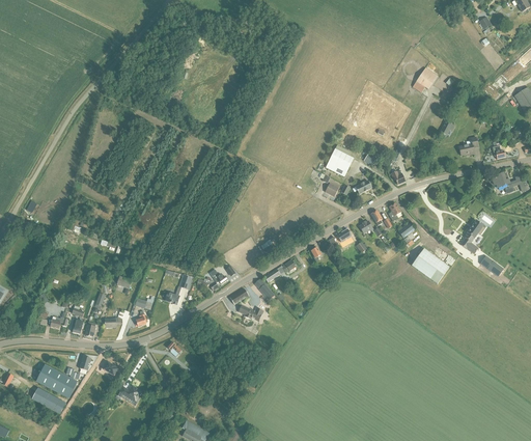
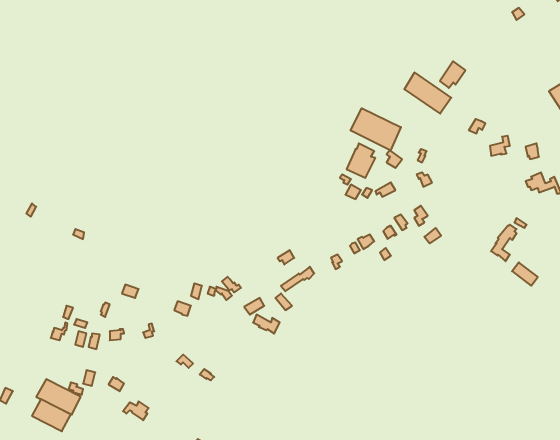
building: none -> [404,72,451,114]
building: none -> [351,108,401,150]
building: [412,247,449,282] -> none

